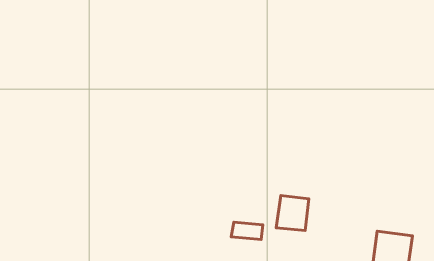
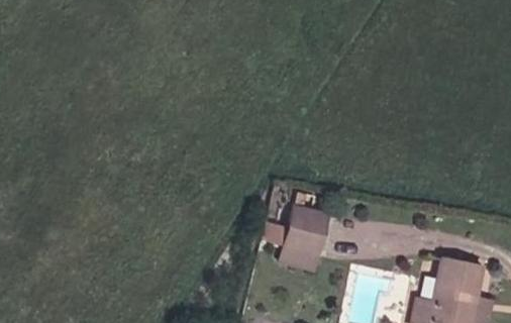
building: [276,195,309,231] -> [283,215,319,254]

